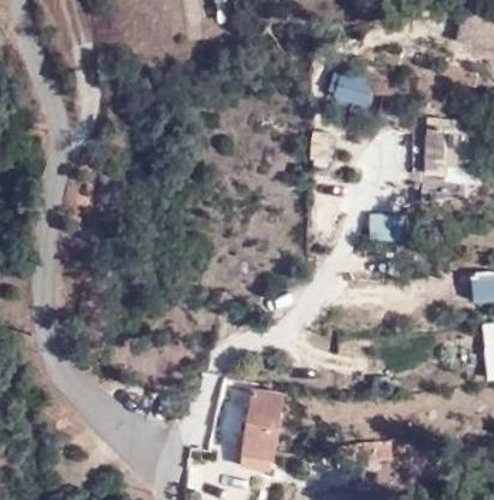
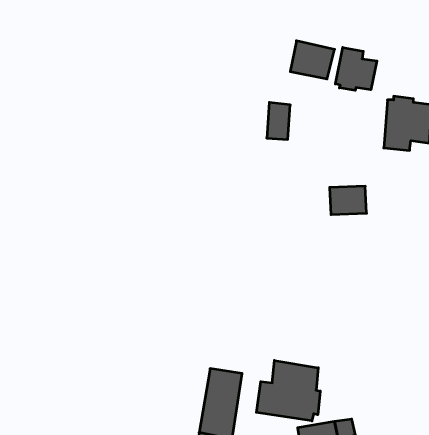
building: none -> [335,47,377,90]
building: none -> [256,360,320,421]

